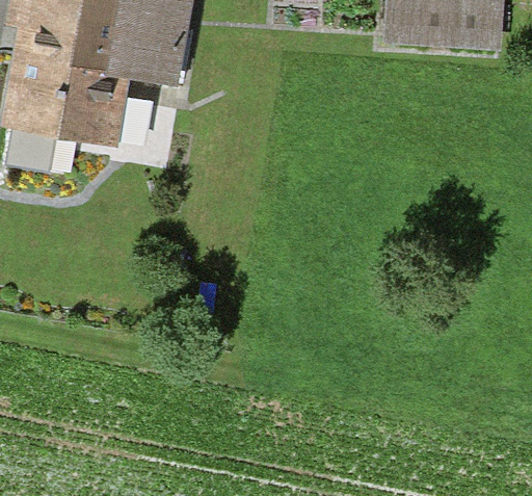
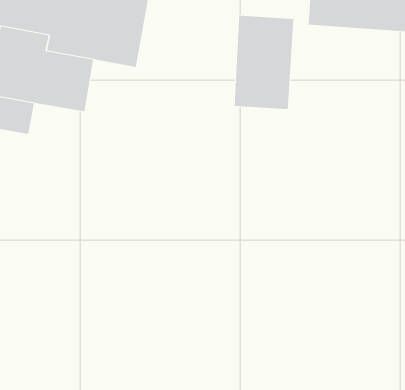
building: none -> [234,15,294,110]

